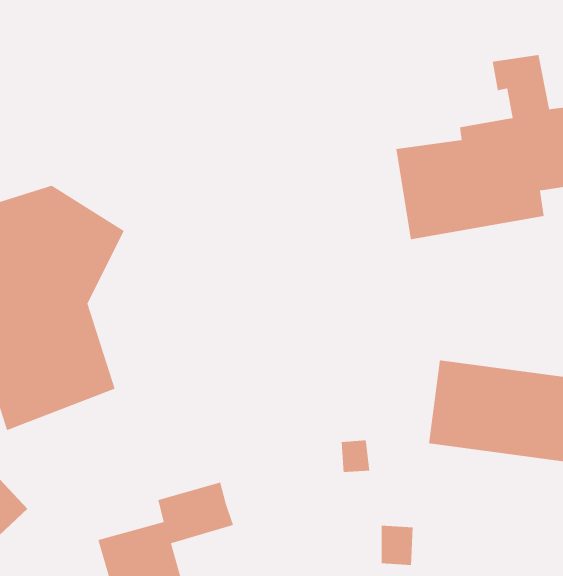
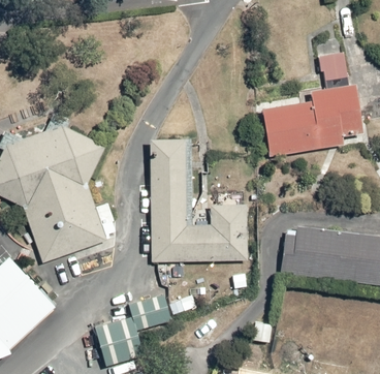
building: none -> [149,142,248,261]

